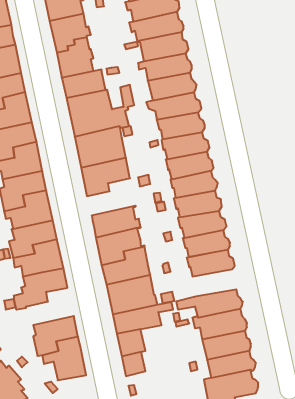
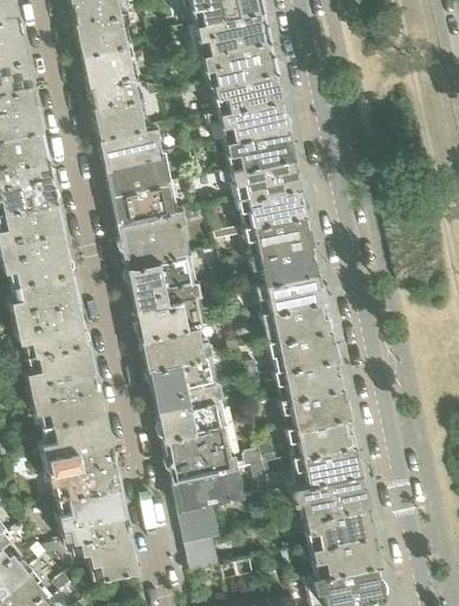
building: none -> [136,281,207,335]
building: none -> [286,413,357,453]
building: none -> [47,440,117,495]

